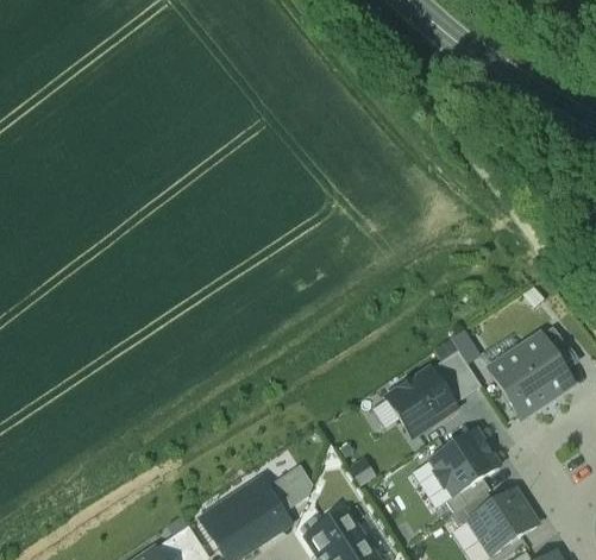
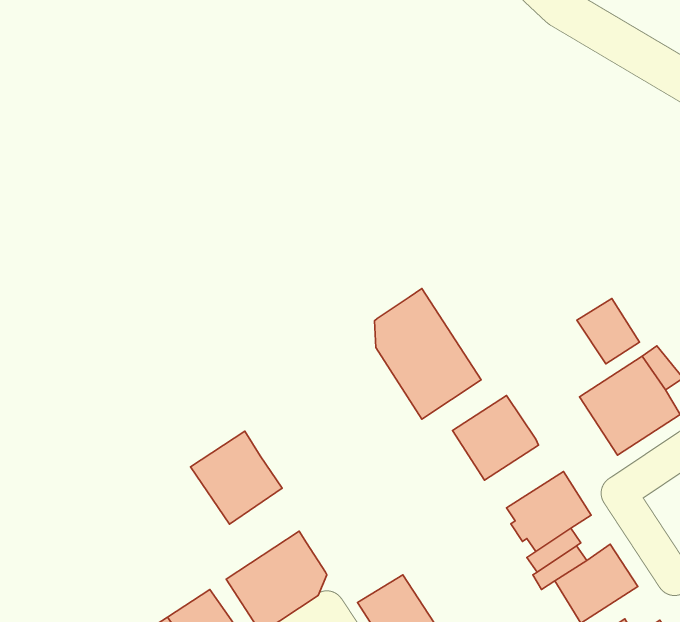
building: none -> [374,289,481,419]
building: [429,350,481,403] -> [577,298,639,364]
building: none -> [191,431,282,524]
building: [266,465,312,511] -> none

